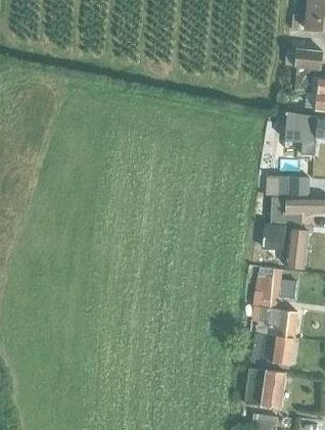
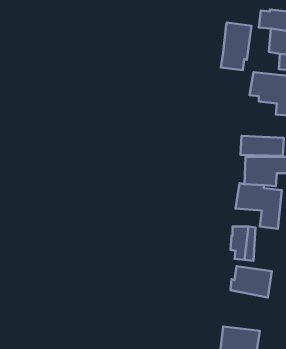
building: none -> [221,22,251,70]
building: [252,332,293,368] -> none

